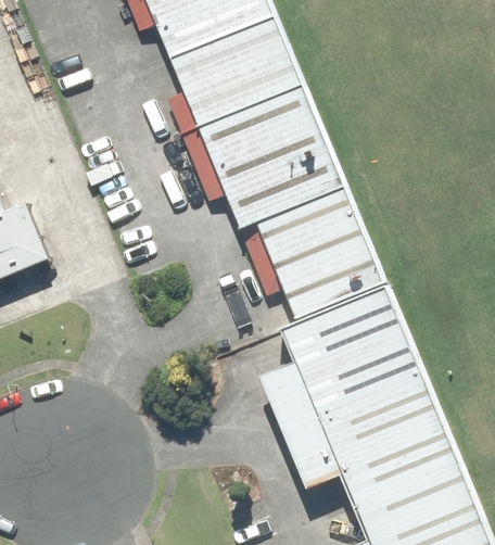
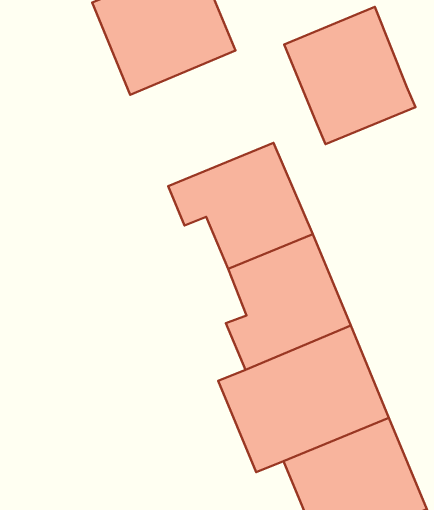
building: none -> [284,7,415,144]
building: [182,52,326,188] -> none

